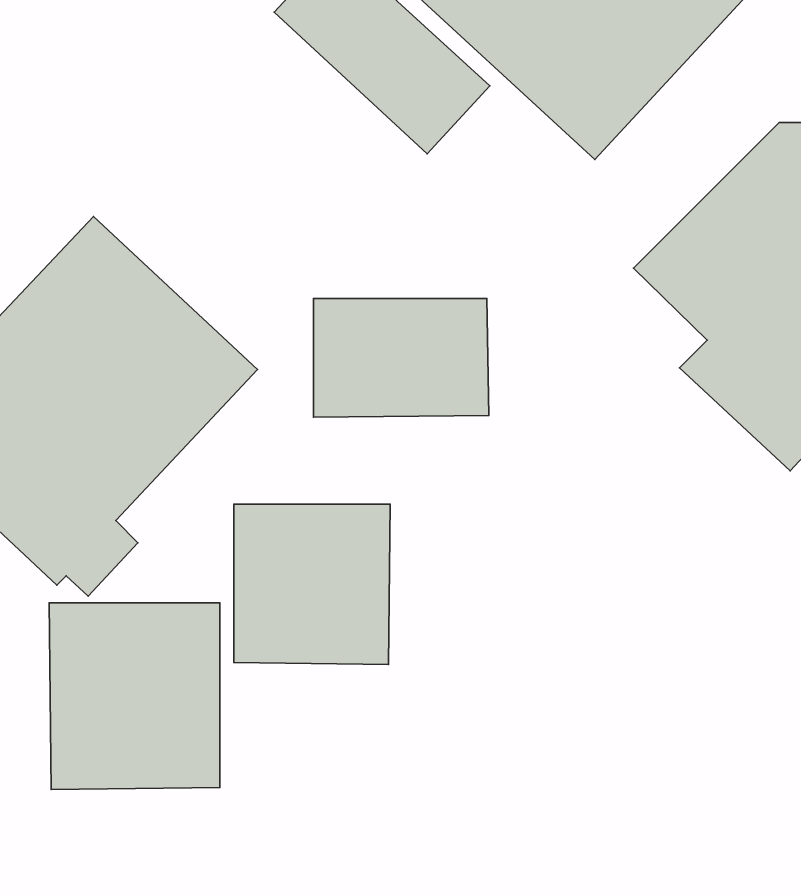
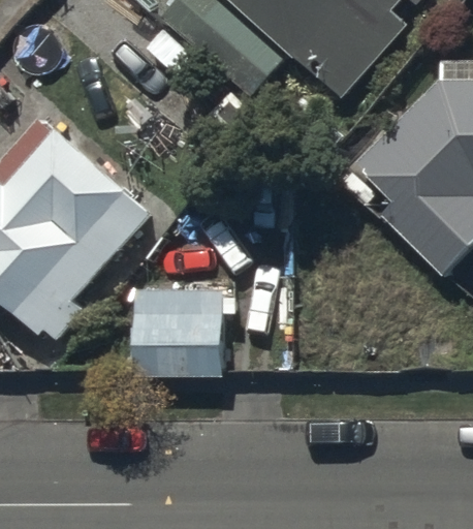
building: [313,298,489,417] -> none
building: [49,603,220,790] -> none

